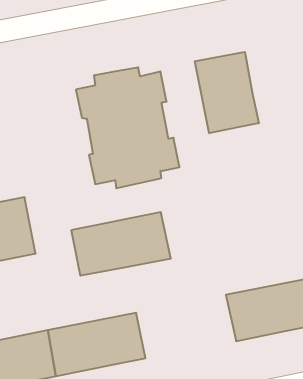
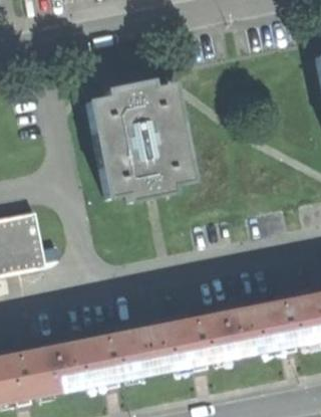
building: [195,52,259,133] -> none
building: [71,212,171,276] -> [146,306,246,370]

